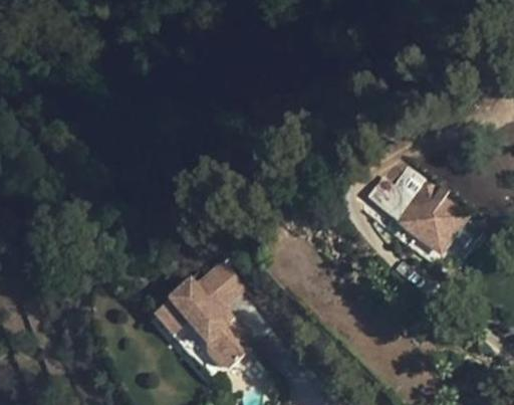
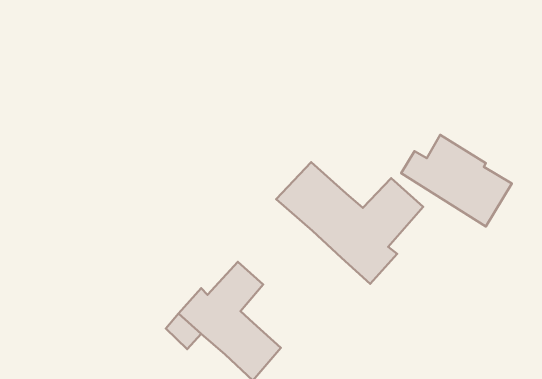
building: none -> [276,162,423,284]

